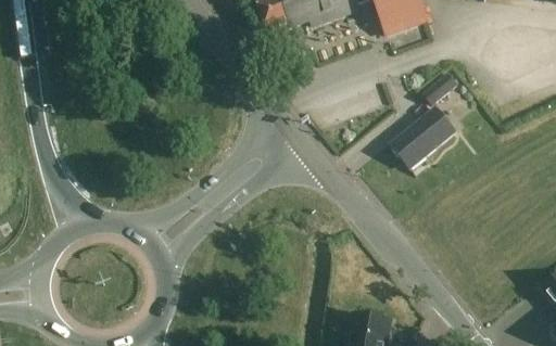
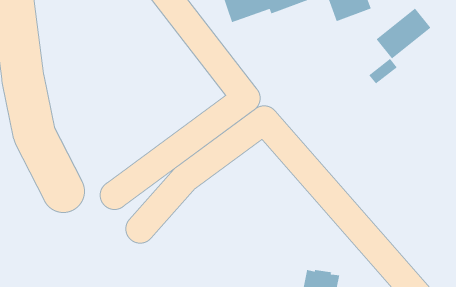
building: [393,108,456,167] -> [376,8,431,59]

